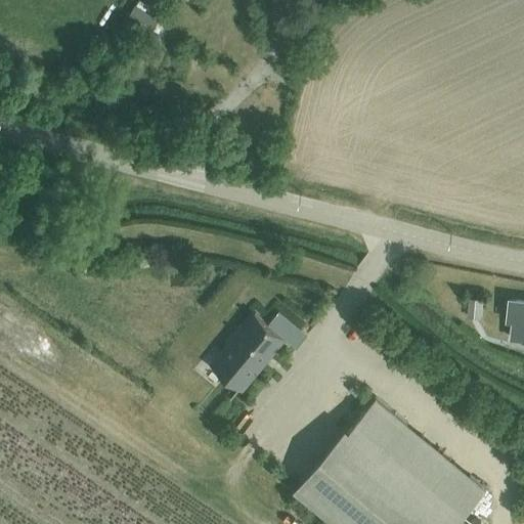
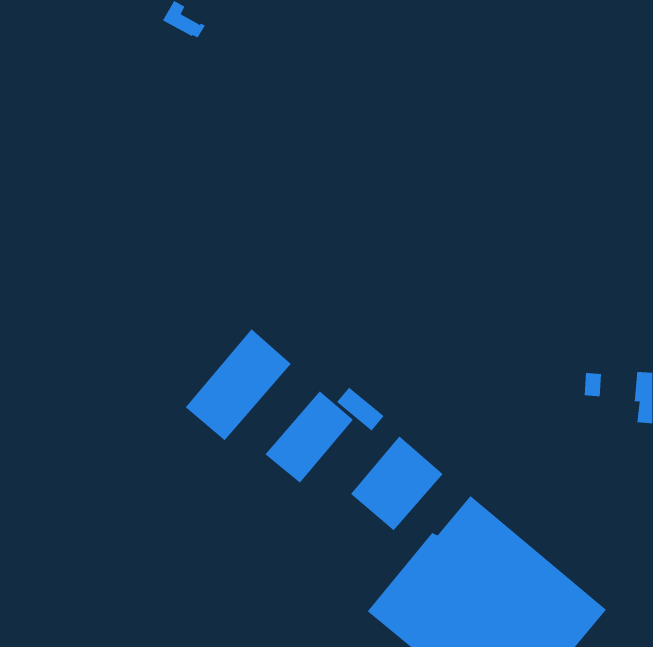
building: none -> [185,328,291,441]
building: none -> [350,435,443,531]

